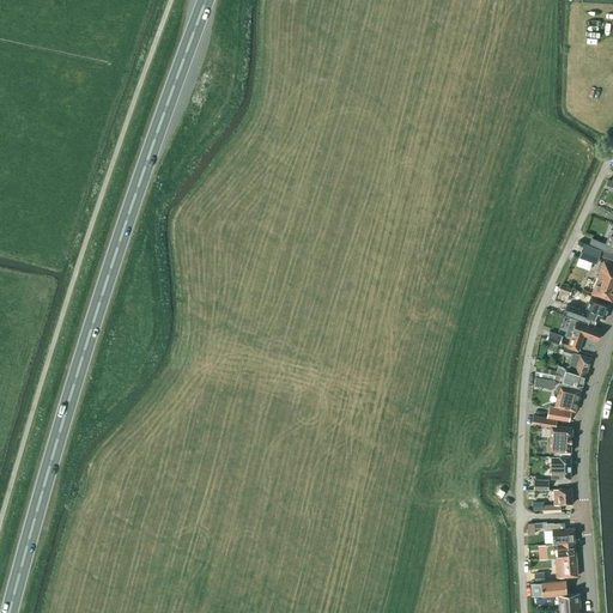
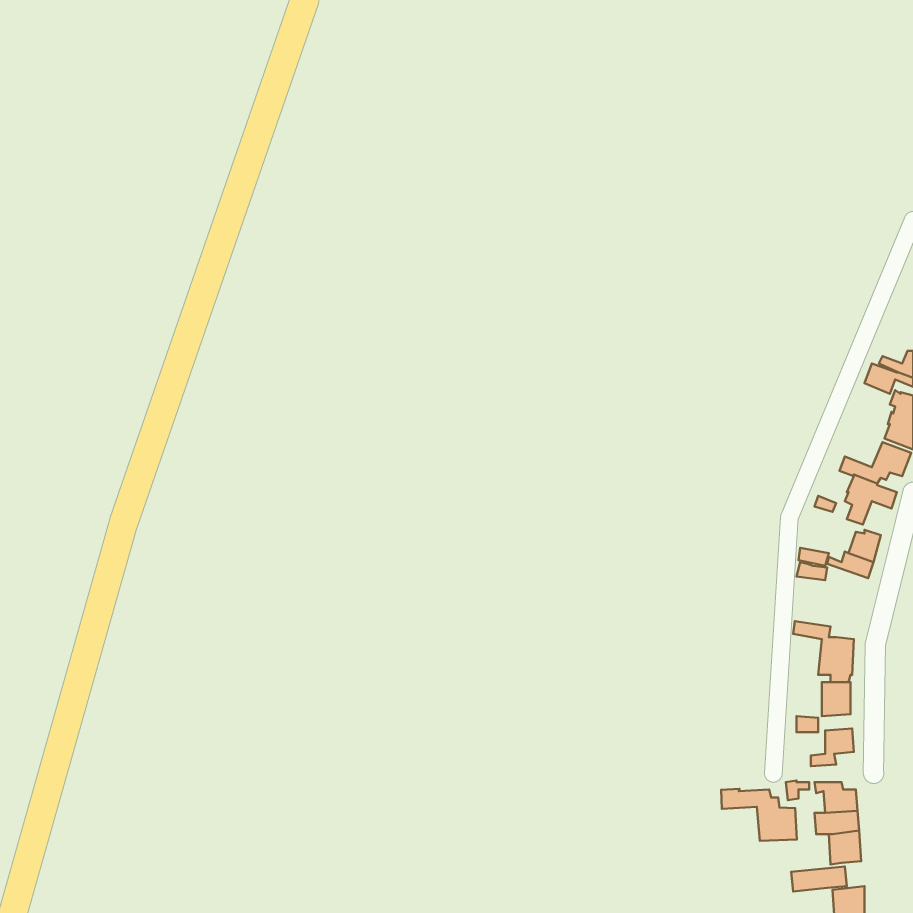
building: [551,384,579,423] -> none
building: none -> [721,789,797,841]

